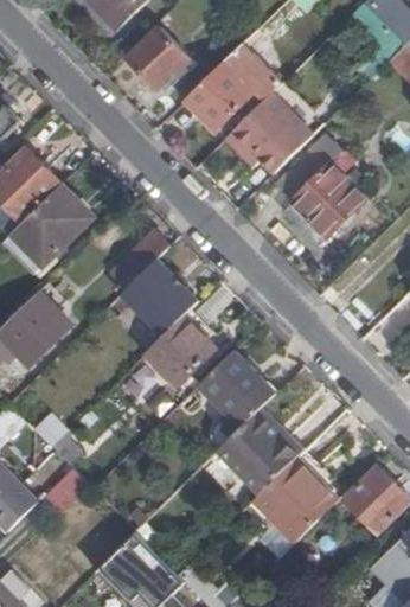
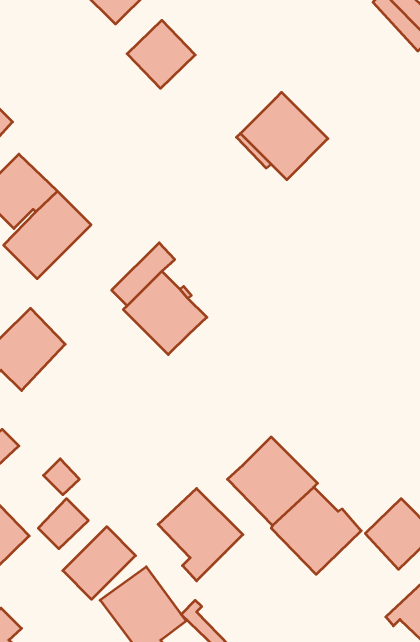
building: [184,45,278,130] -> none
building: [276,151,365,239] -> none
building: [145,317,214,386] -> none
building: [197,352,275,437] -> [158,488,243,581]
building: none -> [63,527,136,599]

